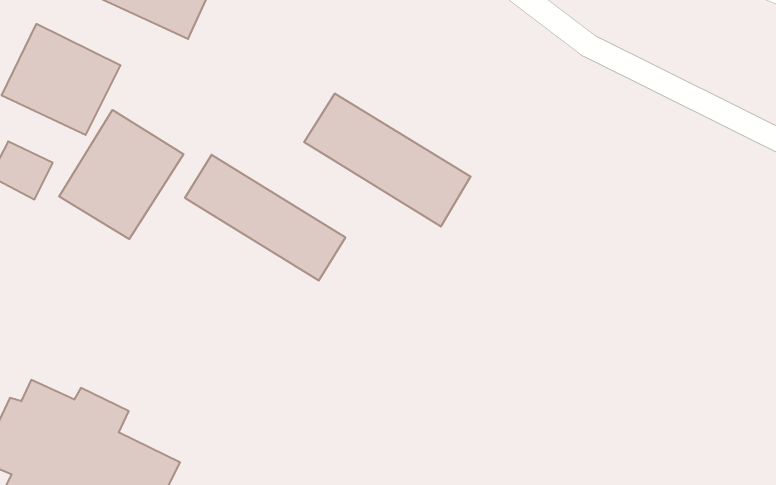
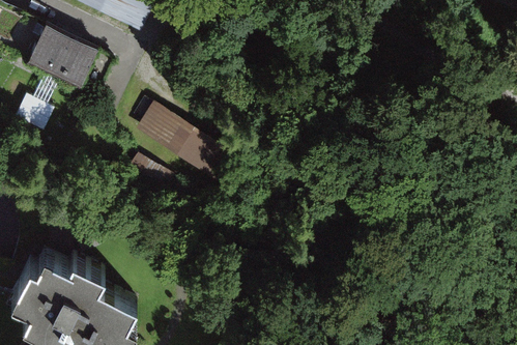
building: [304,93,471,227] -> none
building: [59,110,183,239] -> none

